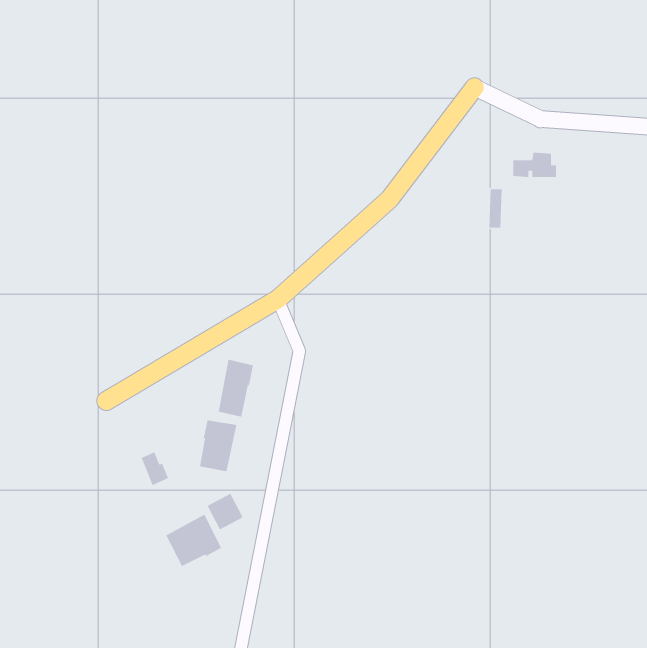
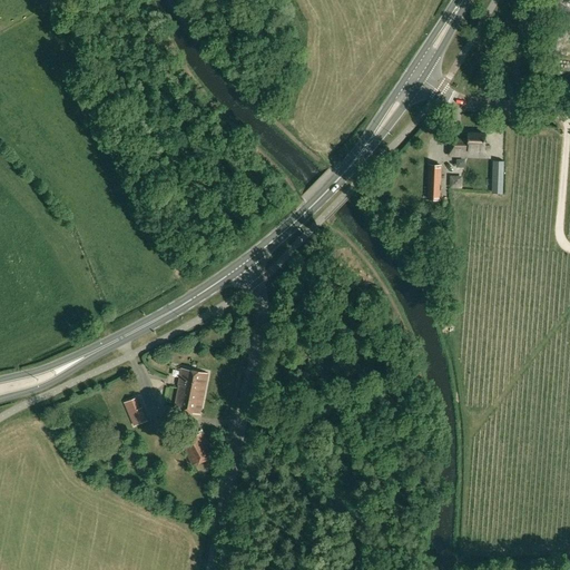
building: [218,359,253,417] -> none
building: [166,514,222,567] -> none

